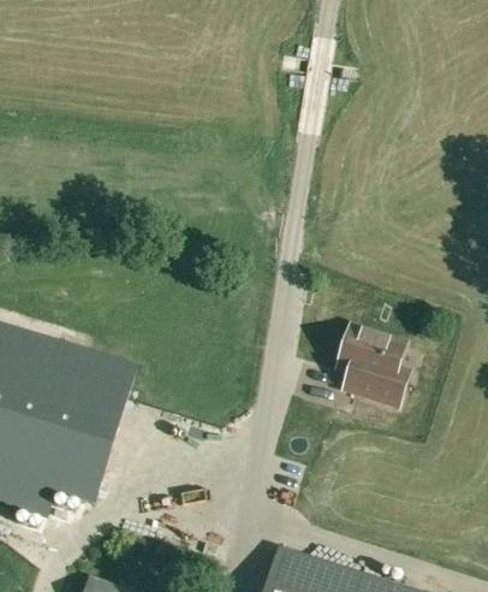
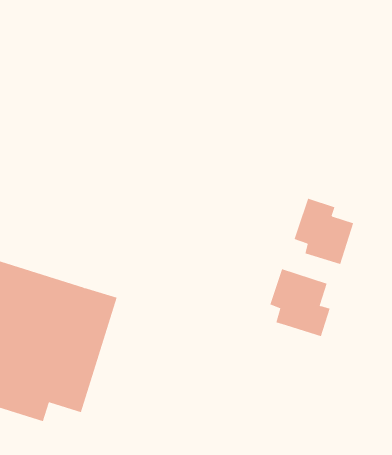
building: none -> [294,198,354,265]

